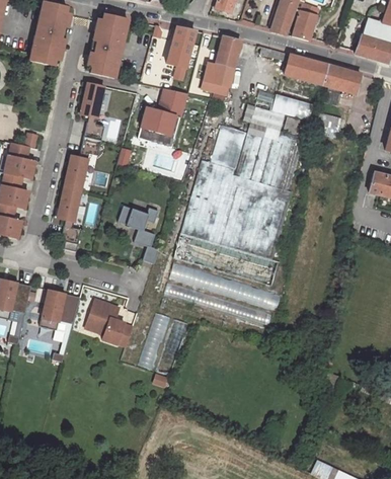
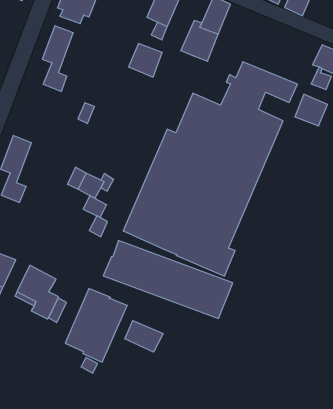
building: [261,47,328,84] -> none
building: [139,106,181,146] -> none
building: [64,136,101,189] -> none
building: none -> [125,320,163,352]

